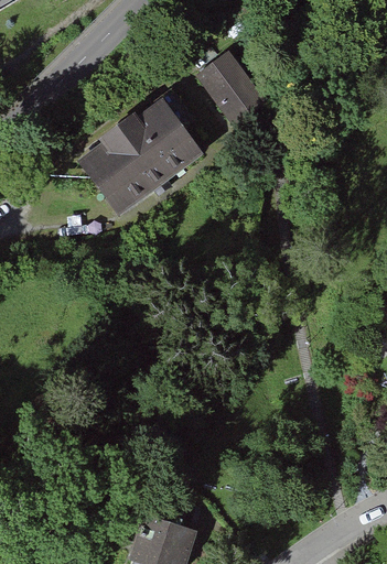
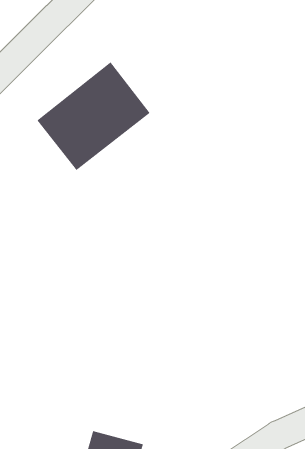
building: [185,48,266,130] -> none

